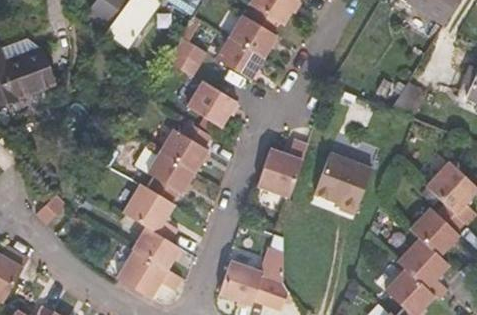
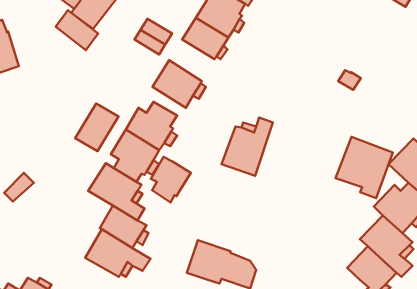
building: none -> [56,10,98,50]
building: none -> [75,104,119,151]
building: [313,153,371,215] -> [336,137,393,198]
building: none -> [151,157,191,202]

